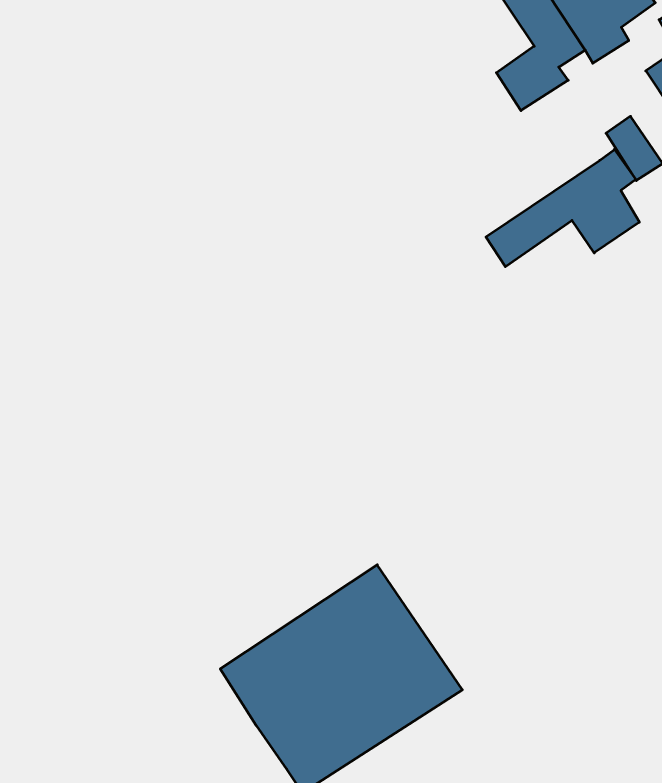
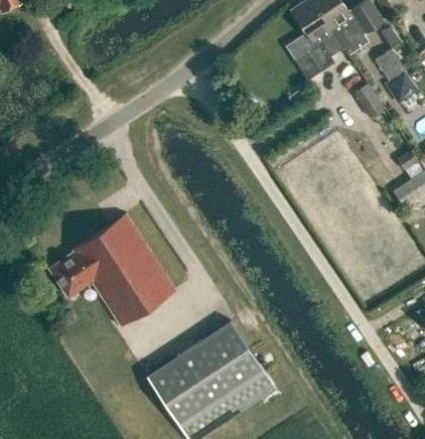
building: [486,149,639,267] -> none
building: none -> [48,213,176,326]

